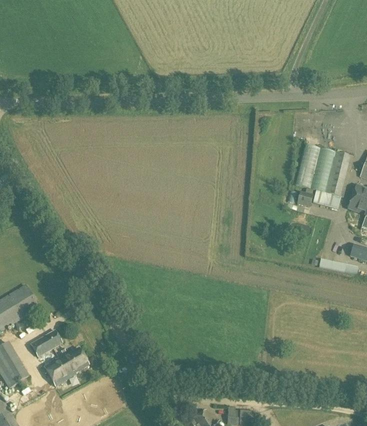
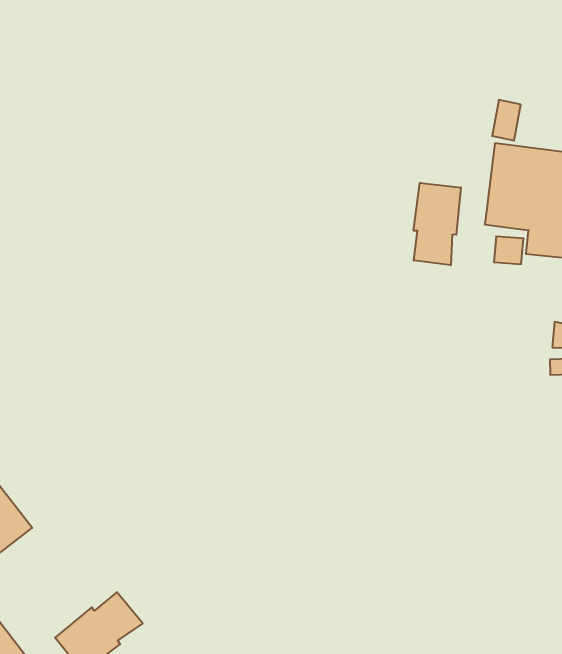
building: none -> [414,183,461,265]
building: [29,328,62,357] -> none

